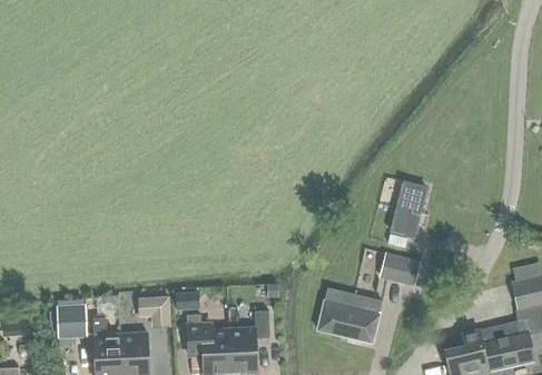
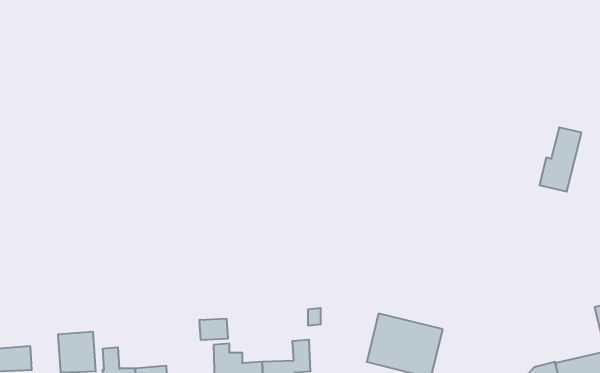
building: [391,182,426,237] -> [540,127,581,192]
building: [380,253,420,284] -> none
building: [137,297,170,317] -> none

